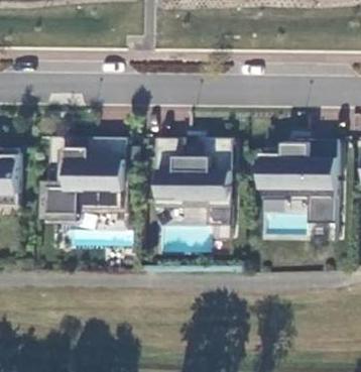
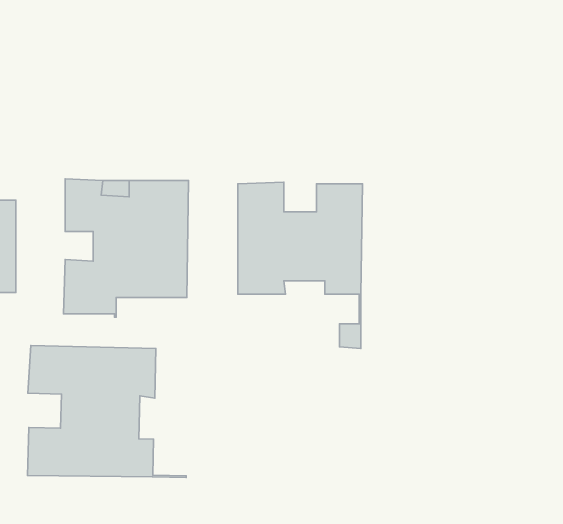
building: [264,137,341,239] -> none
building: none -> [27,345,186,478]

